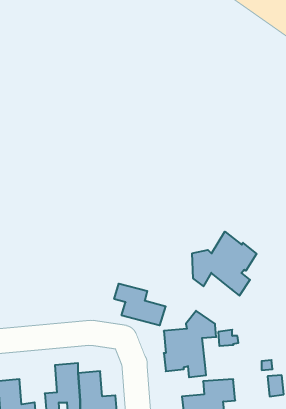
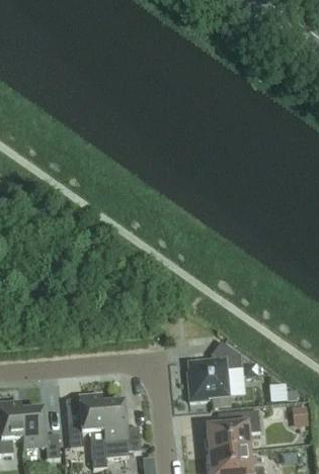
building: [192,232,257,296] -> none
building: [114,284,166,325] -> none

